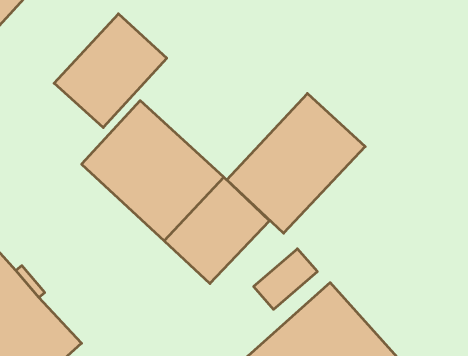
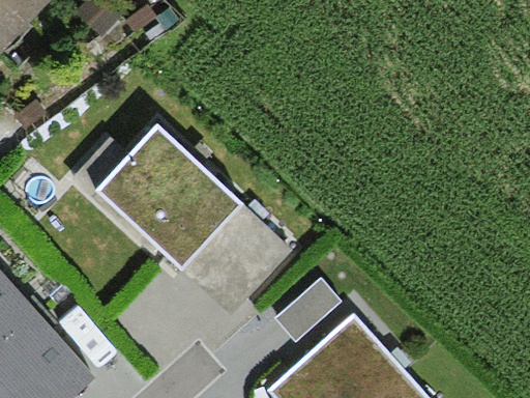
building: [54,14,167,128] -> none
building: [227,93,365,233] -> none

